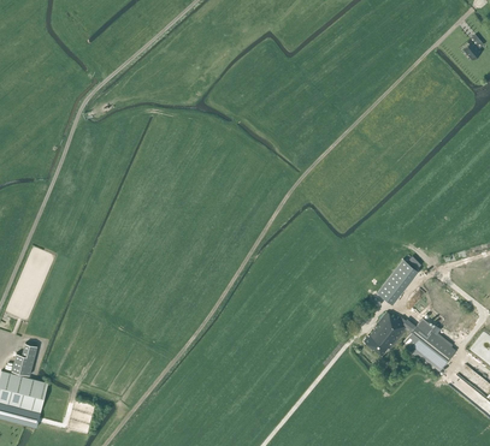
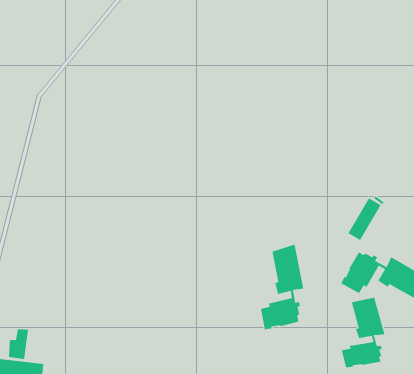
building: none -> [261,244,304,330]
building: none -> [341,297,385,368]

